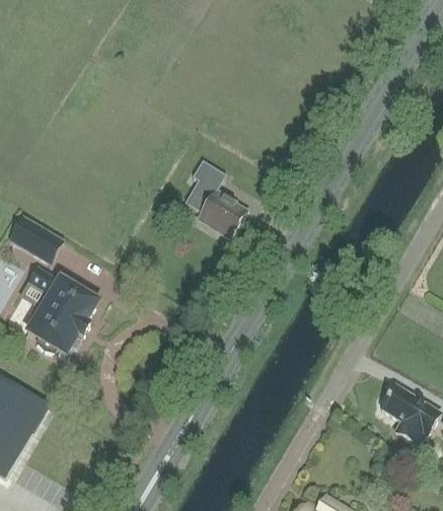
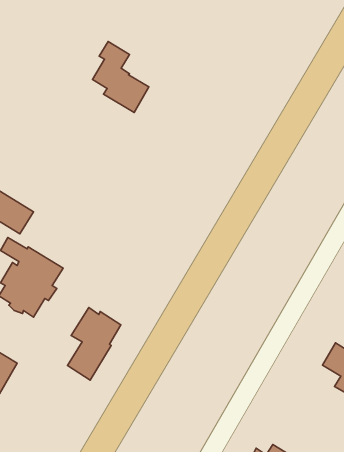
building: [184,159,246,237] -> [93,41,149,113]
building: none -> [67,308,121,380]

